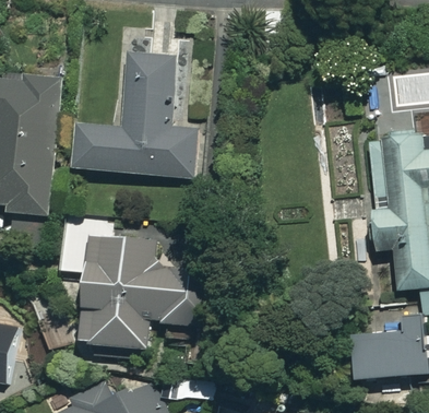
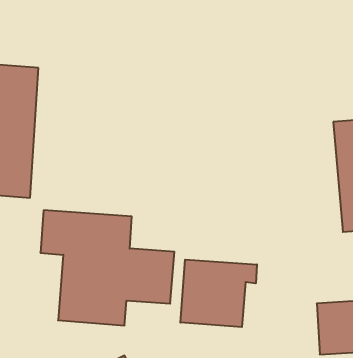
building: [73,54,196,179] -> none
building: none -> [180,260,257,327]

